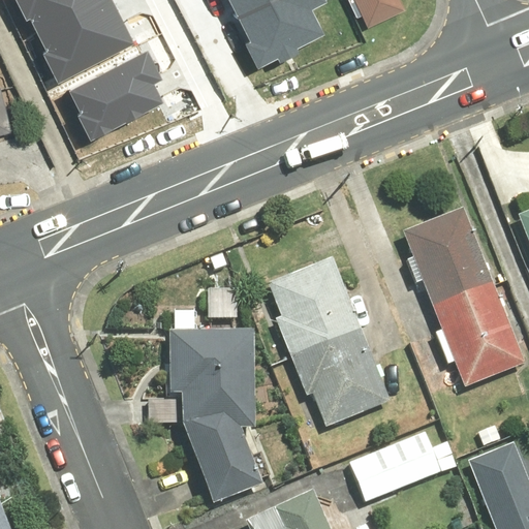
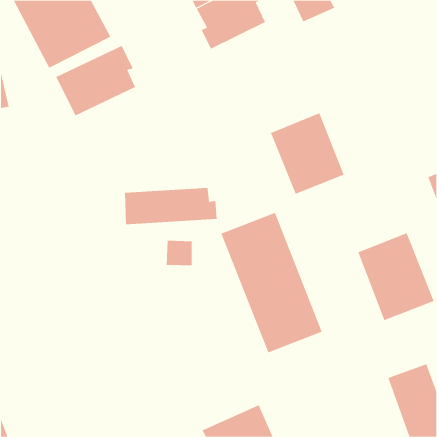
building: [402,206,492,305] -> [270,112,345,194]
building: none -> [125,187,217,225]
building: [167,328,262,503] -> none
building: [344,435,453,504] -> none

